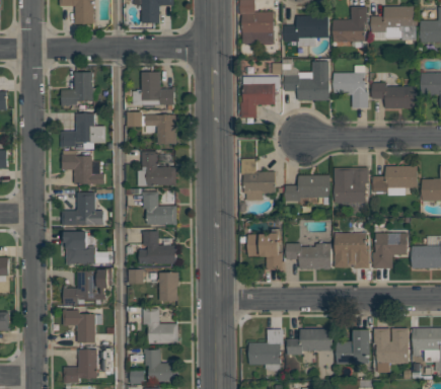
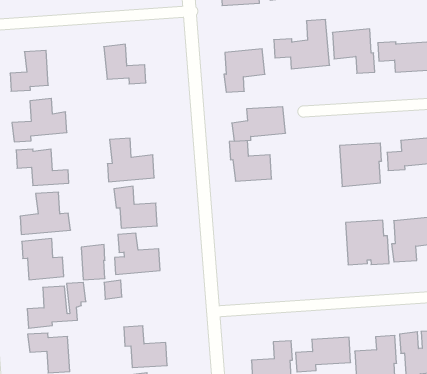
building: [145,115,177,145] -> none
building: [285,175,329,202] -> [232,107,286,141]
building: [247,234,282,269] -> none
building: [286,243,332,269] -> none
building: [159,273,178,301] -> [81,245,105,280]

